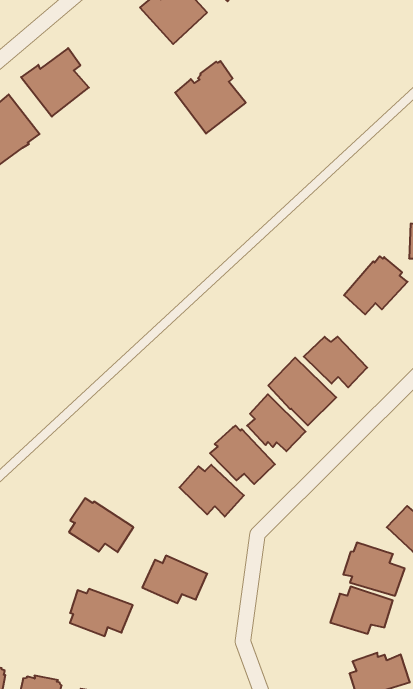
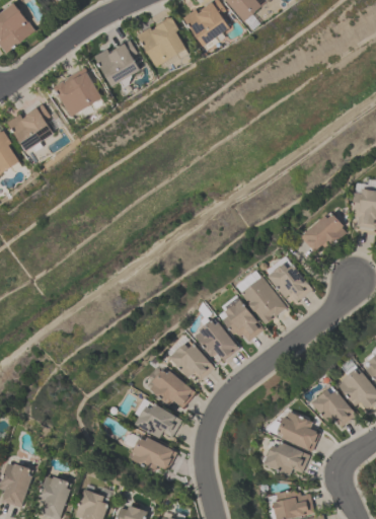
building: [175,61,246,134] -> [137,16,185,66]
building: [69,498,133,552] -> [149,367,195,407]
building: [70,589,133,636] -> [131,437,176,471]

